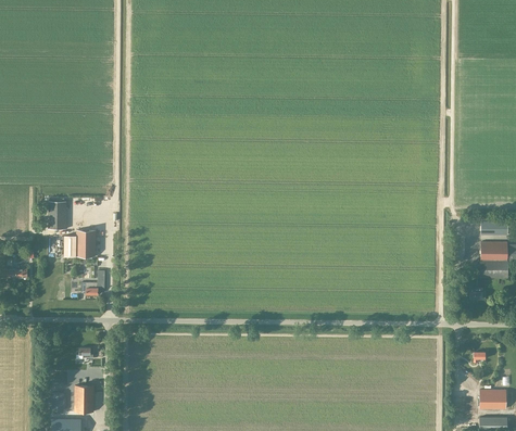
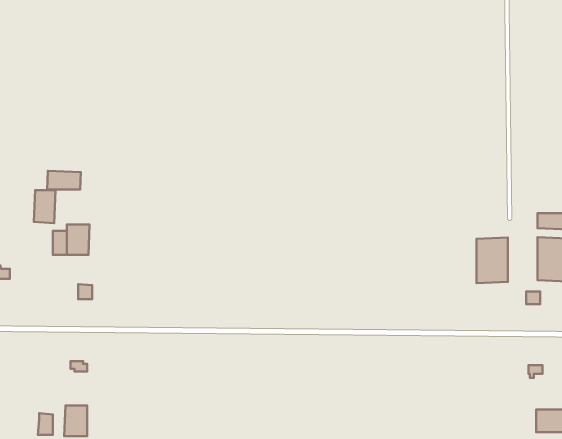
building: none -> [47,171,81,190]
building: none -> [476,237,508,283]

